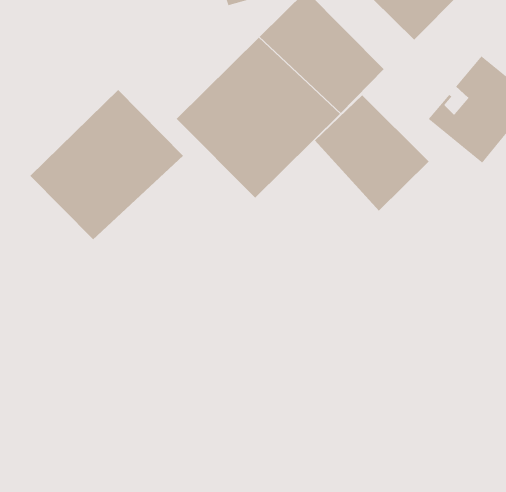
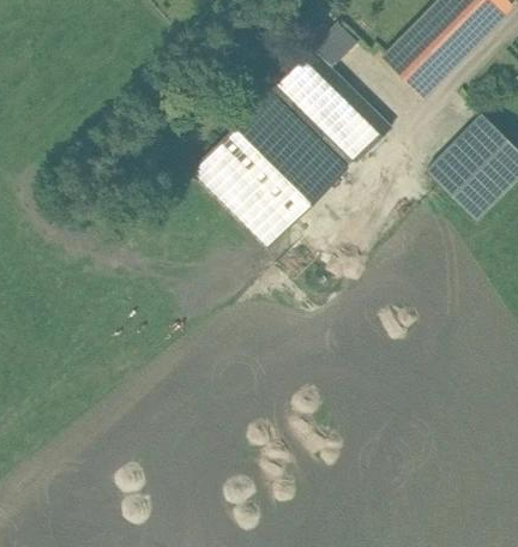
building: [29,89,184,240] -> none
building: [314,95,429,211] -> none

